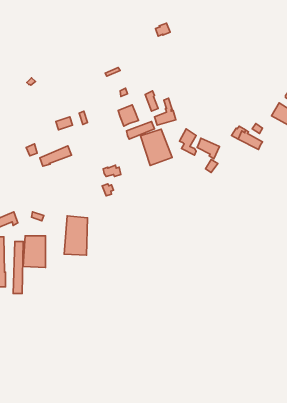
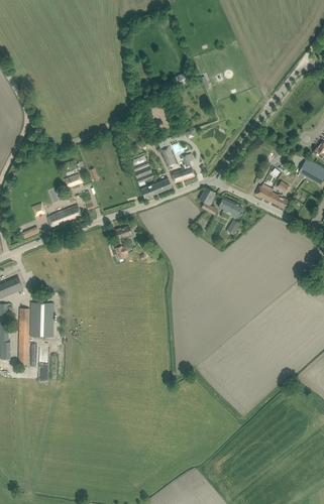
building: [141,129,172,166] -> none
building: [64,216,88,255] -> none

